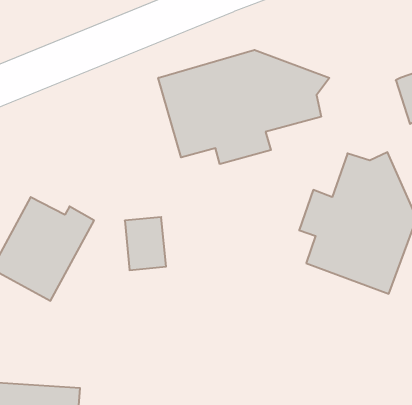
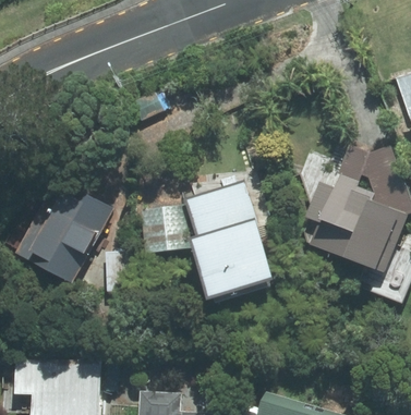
building: [158,50,329,164] -> none
building: none -> [184,181,277,302]

